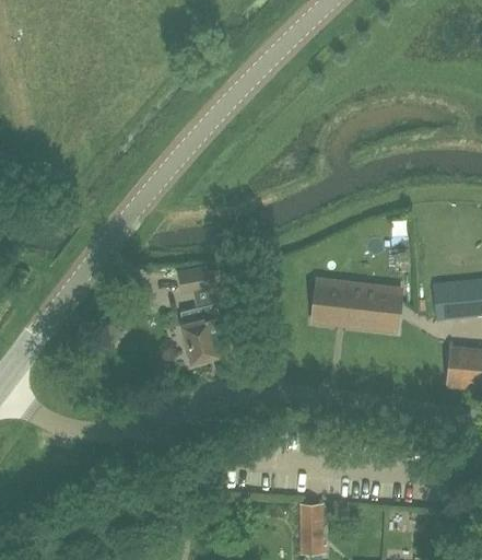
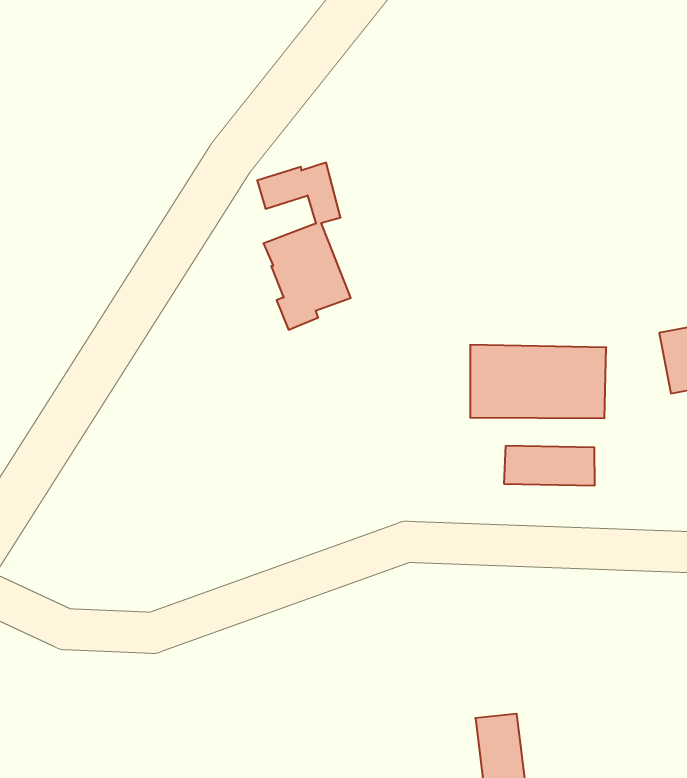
building: [179,267,228,365] -> [257,163,351,330]
building: none -> [504,446,594,486]

